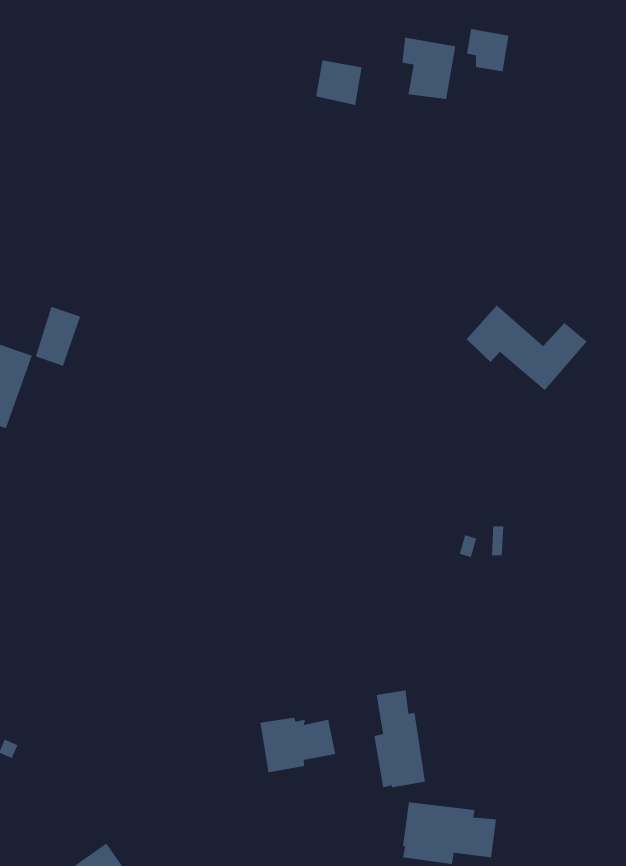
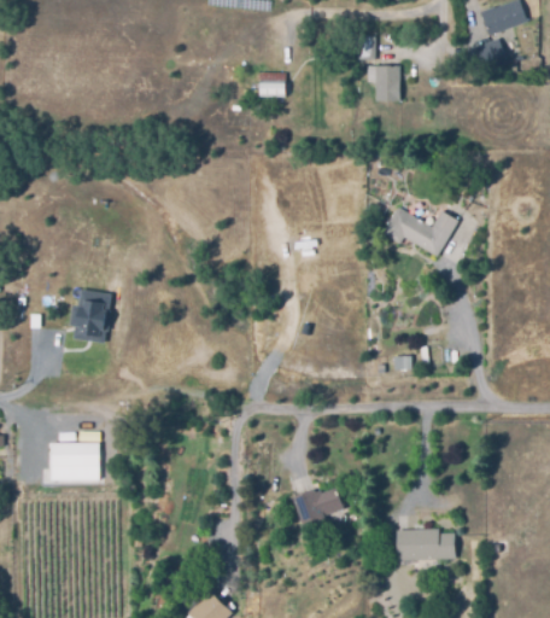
building: [402,37,456,100] -> [367,66,400,103]
building: [35,306,81,367] -> none
building: [373,690,426,788] -> none

